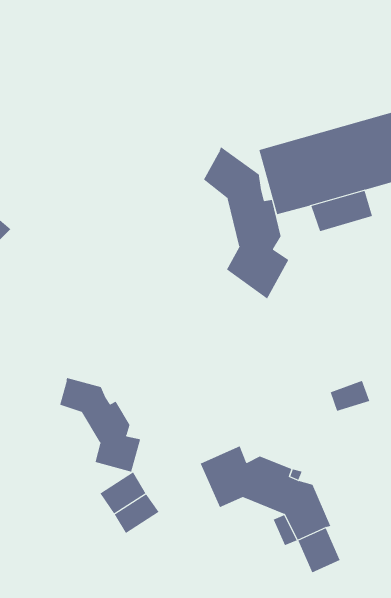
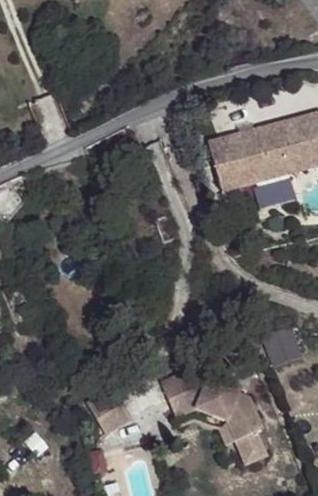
building: [203,146,289,299] -> none
building: [60,377,141,473] -> none

